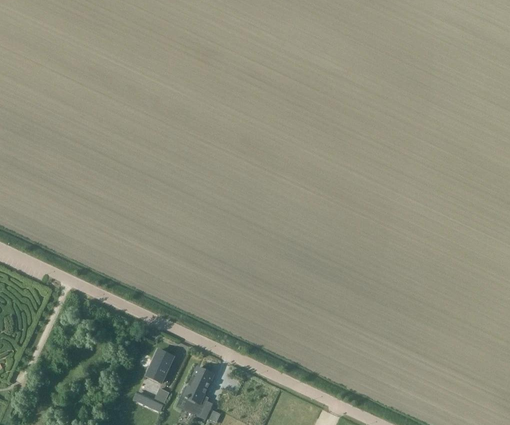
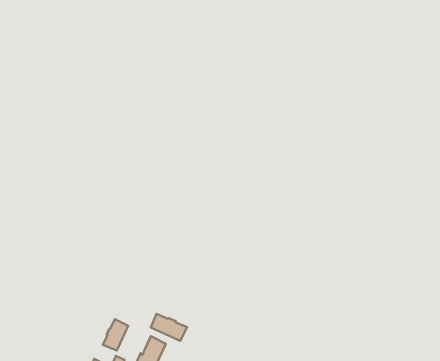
building: none -> [151,314,187,341]

